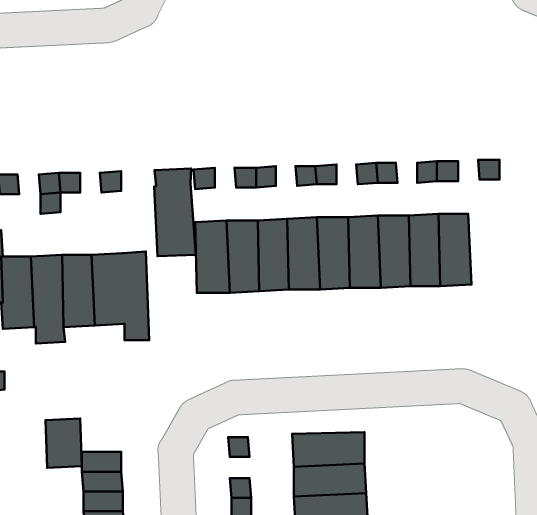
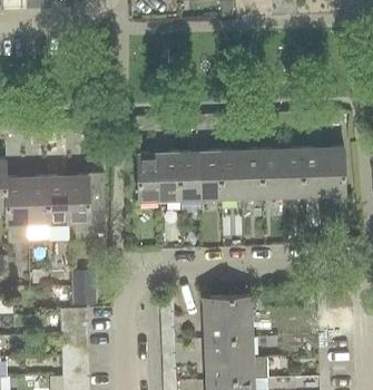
building: [154,169,196,256] -> none
building: none -> [322,147,345,196]
building: [46,419,82,468] -> [71,271,96,304]

